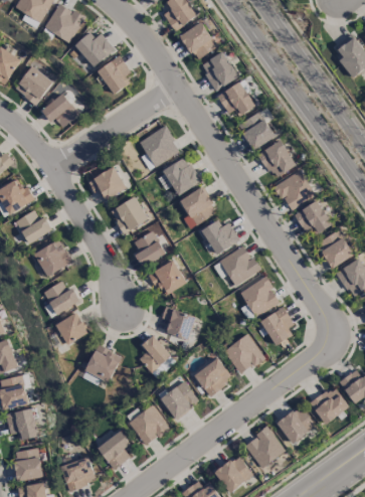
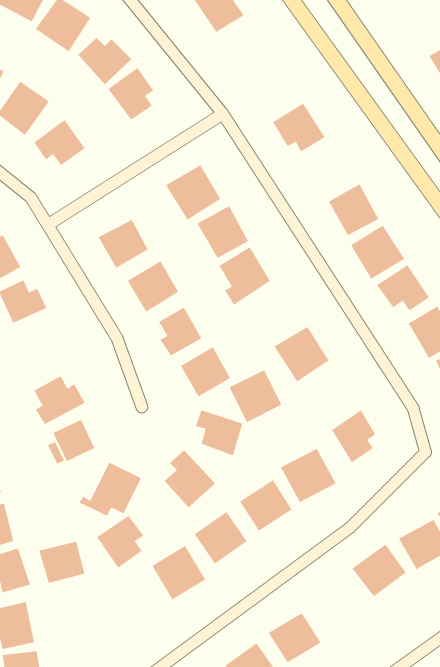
building: [181,22,216,59] -> none
building: [201,50,238,91] -> none
building: [238,107,276,149] -> none
building: [201,219,239,255] -> none
building: [34,238,72,277] -> none
building: [240,277,280,316] -> [229,369,282,423]
building: [244,428,286,468] -> none
building: [97,431,132,470] -> [96,515,144,569]
building: [61,458,96,489] -> [39,541,85,584]

